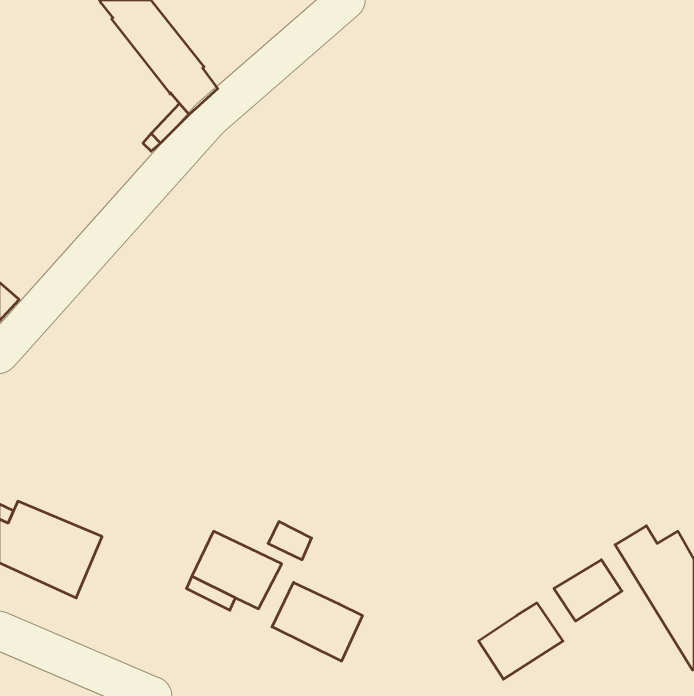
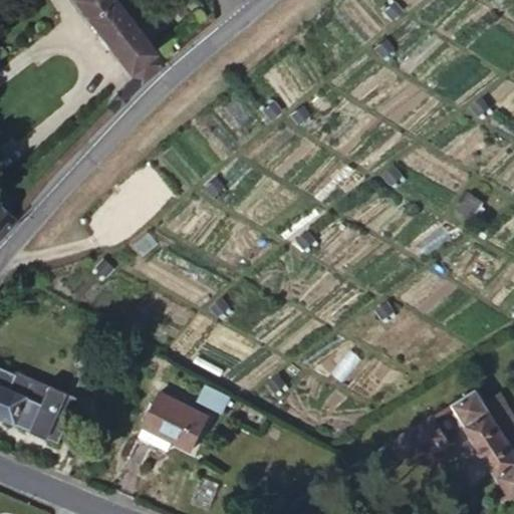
building: [272,582,362,661] -> none
building: [479,603,563,679] -> none

